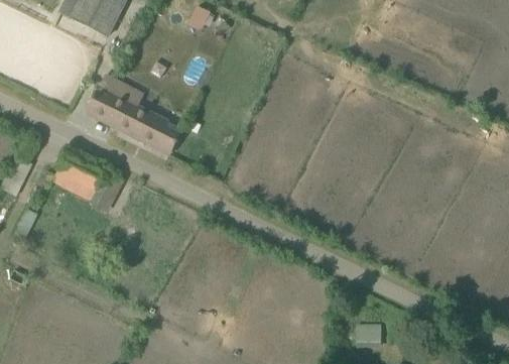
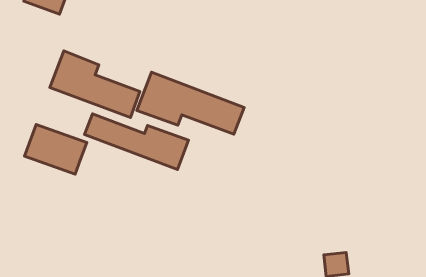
building: none -> [137,72,244,134]
building: none -> [85,114,188,170]

